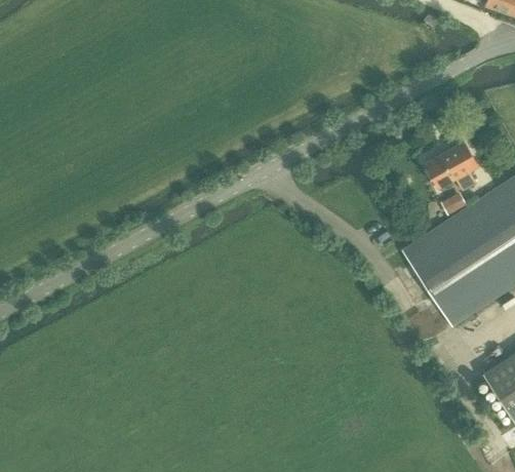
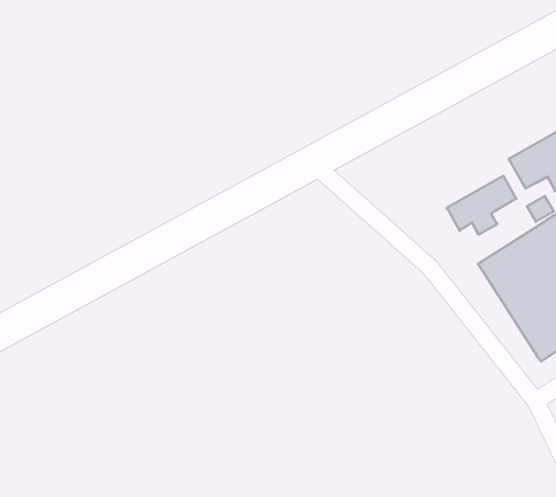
building: none -> [447,176,516,234]

